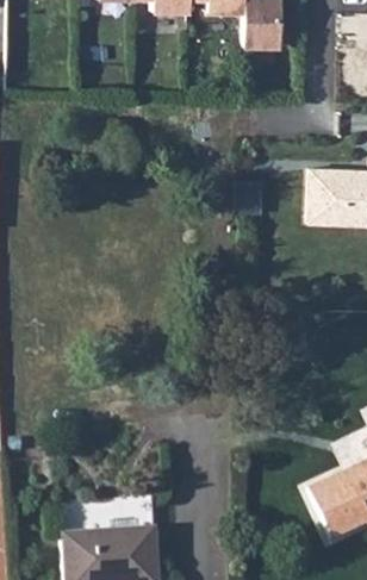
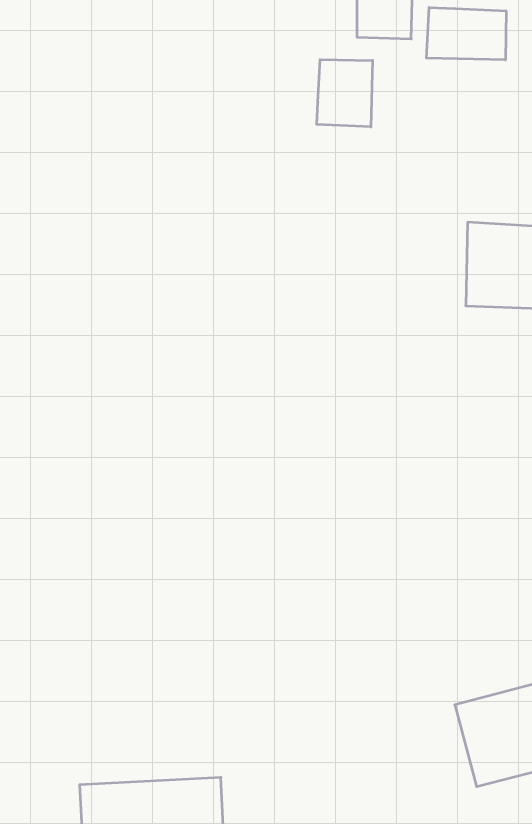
building: none -> [426,7,506,60]
building: none -> [317,60,373,127]

